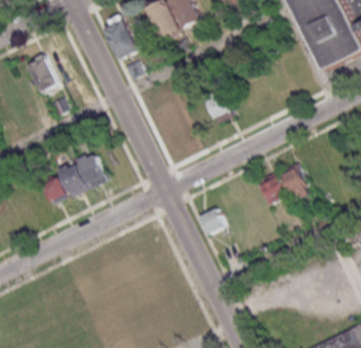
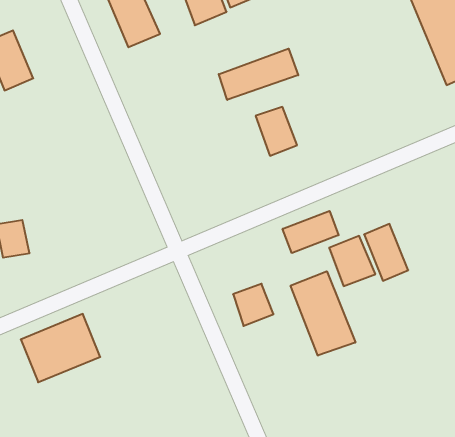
building: none -> [219,49,298,100]
building: [56,150,108,197] -> [21,314,100,382]
building: none -> [283,211,339,253]
building: none -> [291,271,355,356]

